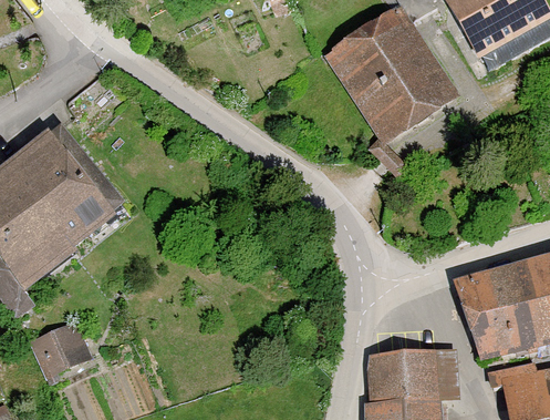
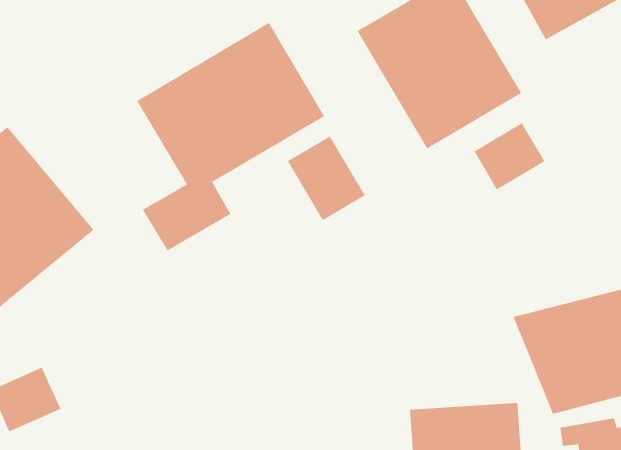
building: none -> [136,22,325,251]
building: none -> [473,122,545,191]
building: none -> [287,135,366,221]

